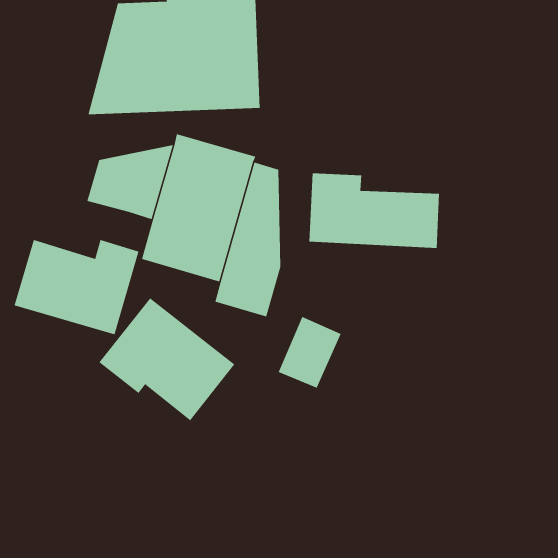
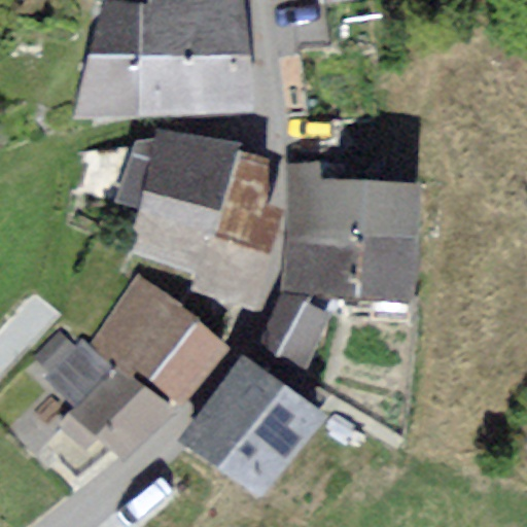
building: [14,239,139,335] -> none
building: none -> [287,227,412,288]
building: none -> [38,336,163,451]
building: none -> [191,361,316,487]

